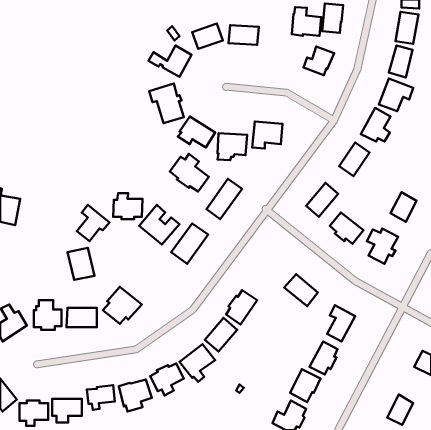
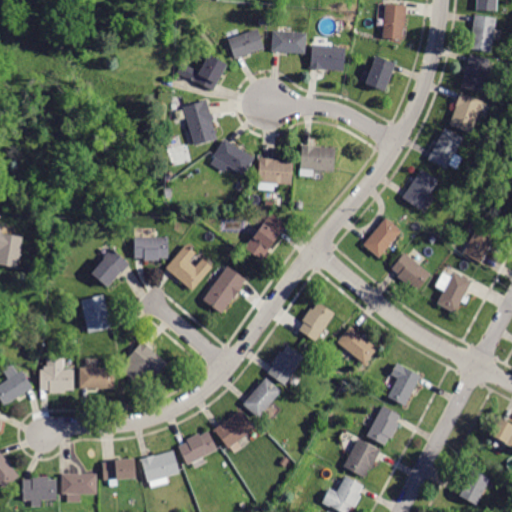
building: [292,7,321,36] -> [310,36,345,70]
building: [170,154,209,192] -> none
building: none -> [299,301,335,340]

